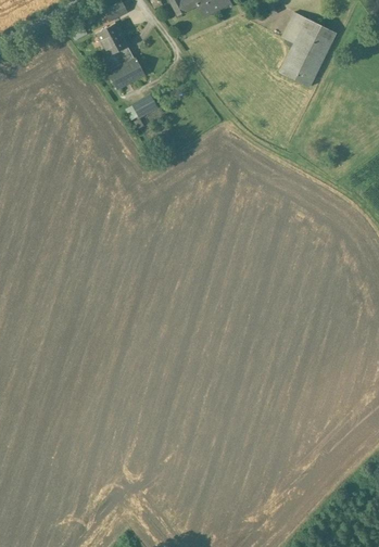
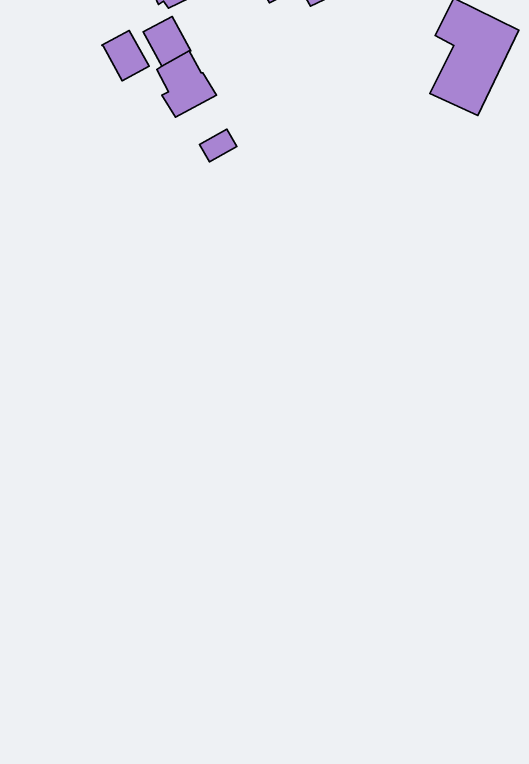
building: none -> [102,30,149,81]

